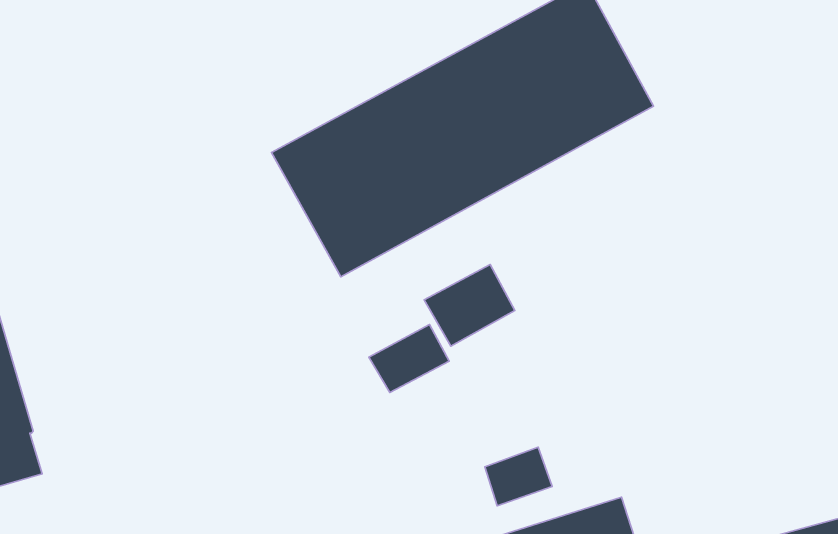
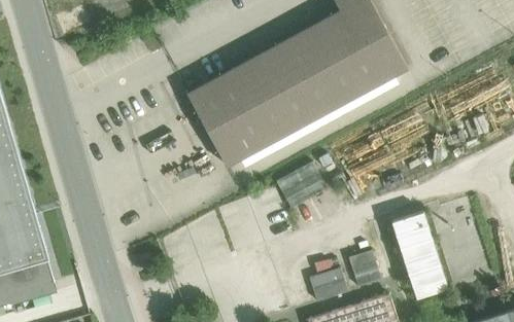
building: [369,324,449,393] -> none
building: none -> [389,210,446,300]
building: none -> [348,249,381,286]

